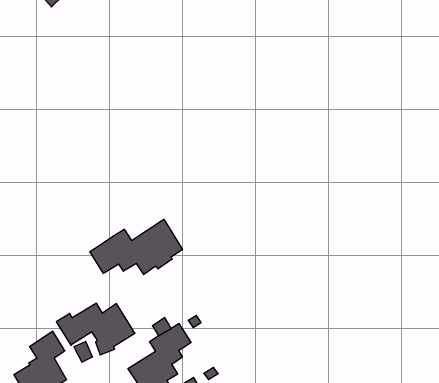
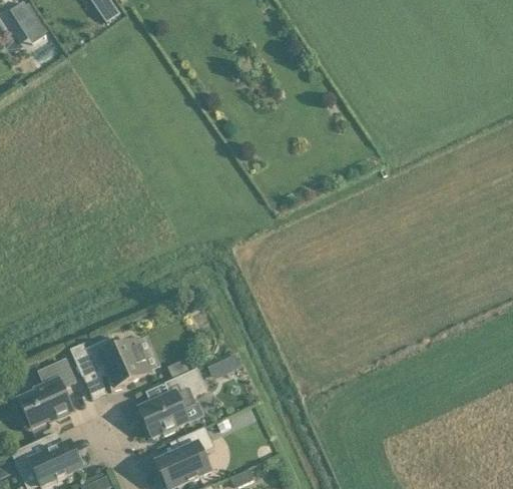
building: [90,219,182,275] -> none

